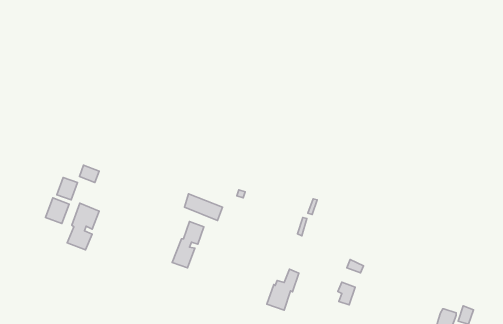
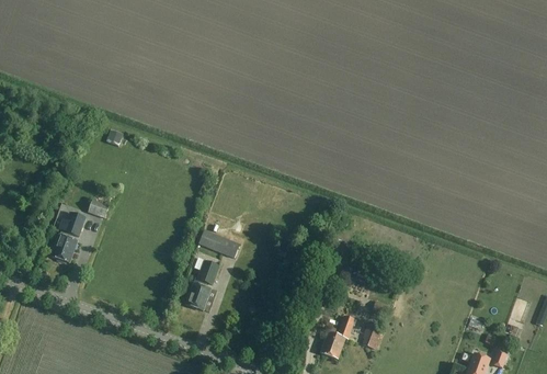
building: [67,203,99,250] -> none
building: [267,269,299,310] -> [319,314,353,358]

